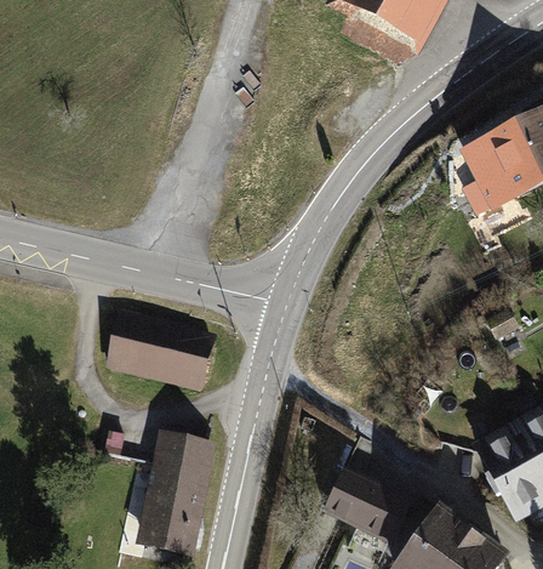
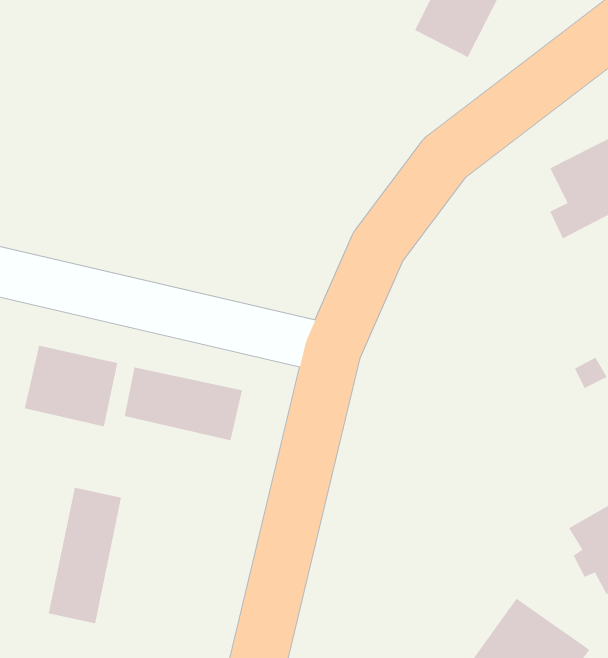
building: none -> [24,345,118,427]
building: [144,438,206,552] -> [48,487,122,624]
building: [325,470,407,539] -> none

